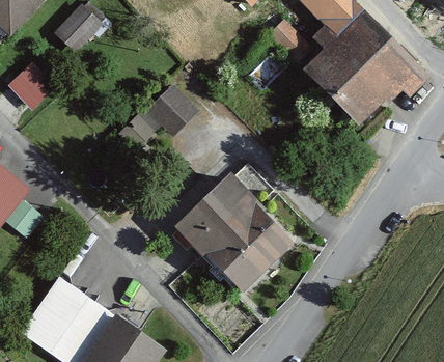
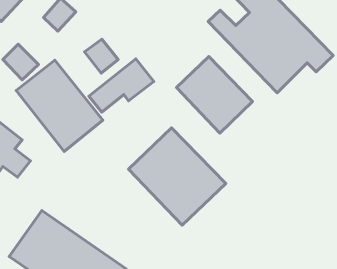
building: none -> [85,39,118,73]
building: none -> [176,56,252,133]
building: none -> [16,60,103,152]

